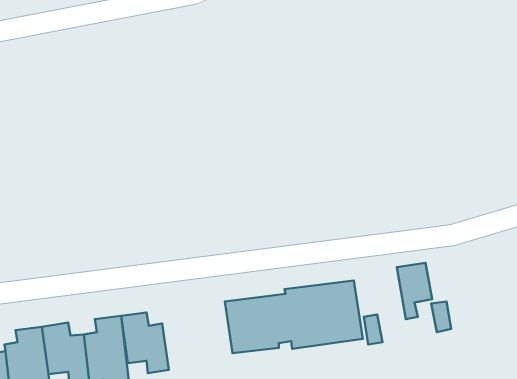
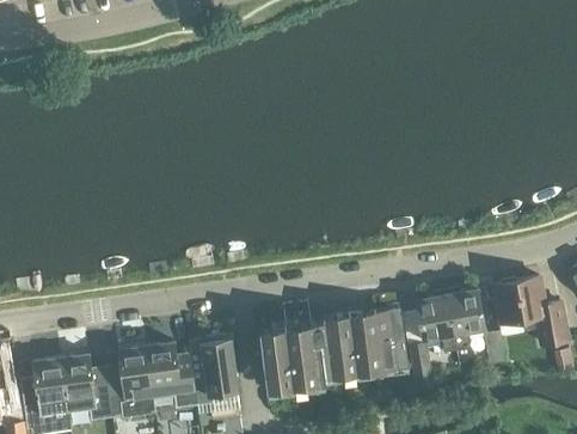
building: none -> [493,277,566,344]
building: none -> [415,293,455,352]
building: none -> [191,335,238,404]

